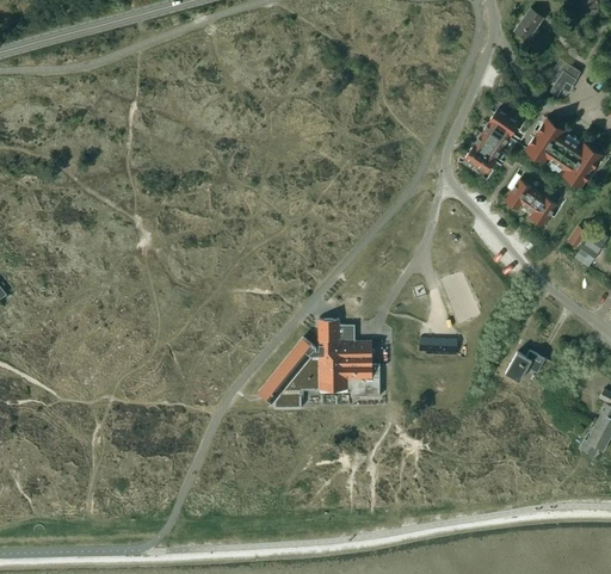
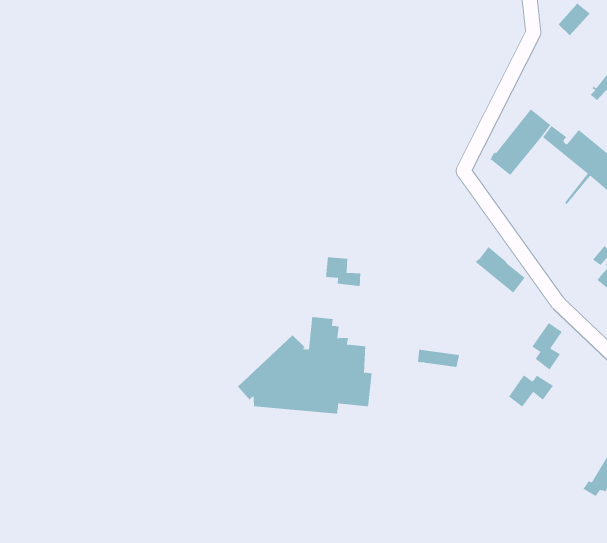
building: [508,180,556,221] -> [475,246,526,294]
building: none -> [326,257,361,287]
building: none -> [532,322,563,371]

